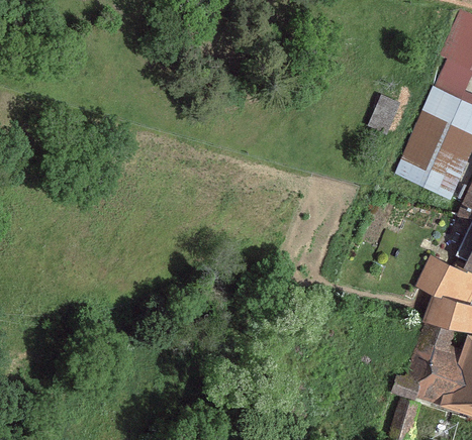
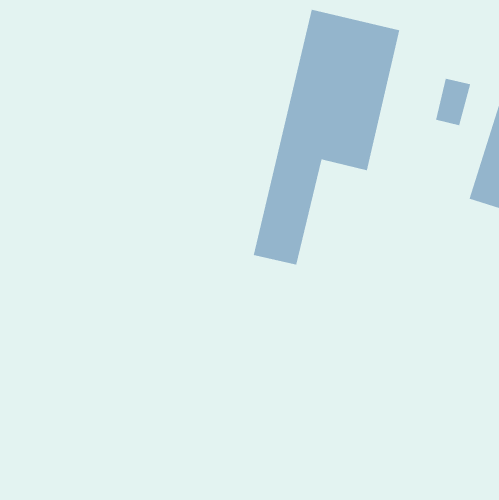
building: none -> [253,9,400,265]

